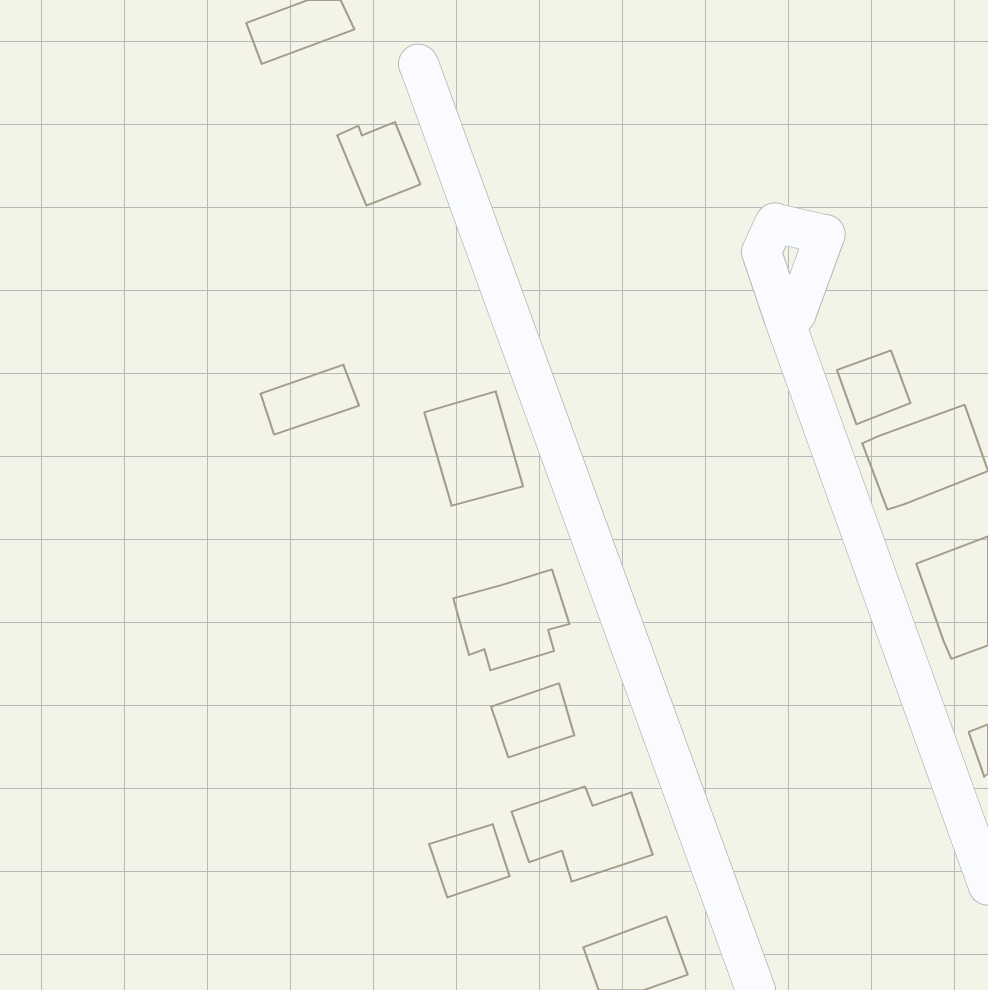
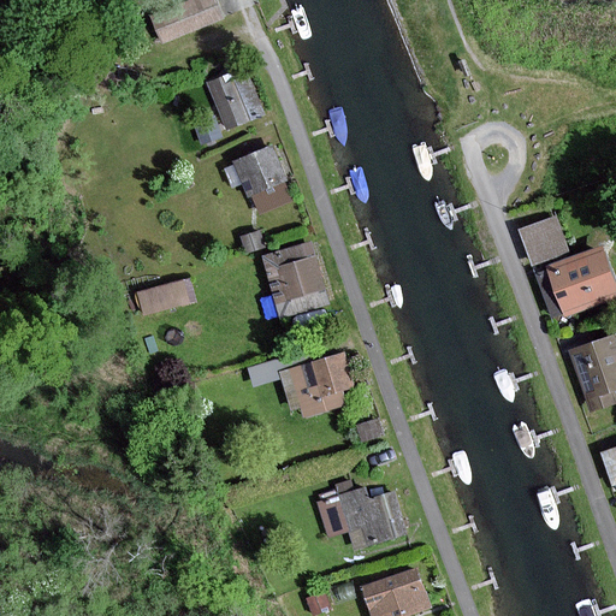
building: none -> [236,148,285,194]
building: [260,365,359,434] -> [138,271,200,314]
building: [491,683,574,757] -> none
building: [429,824,510,898] -> none

